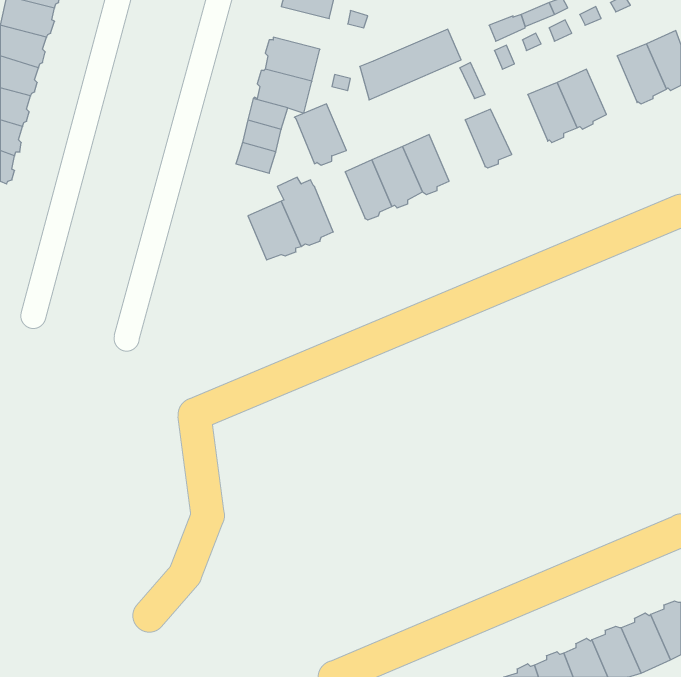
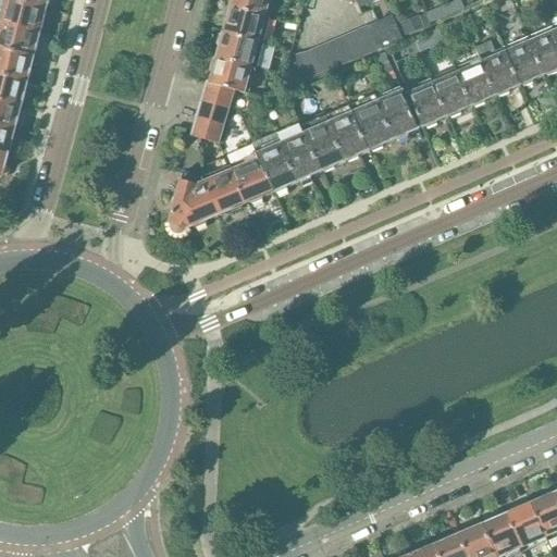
building: none -> [223,5,269,40]
building: none -> [366,13,403,49]
building: none -> [474,39,520,95]
building: none -> [406,77,447,126]
building: [294,104,346,165] -> [256,140,298,190]
building: none -> [350,98,396,148]
building: none -> [170,172,218,232]

